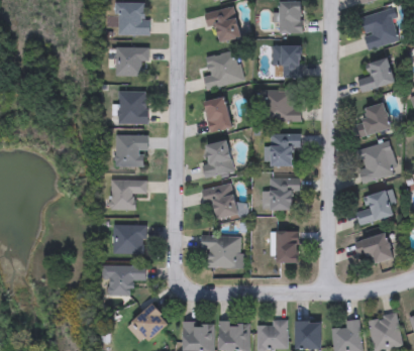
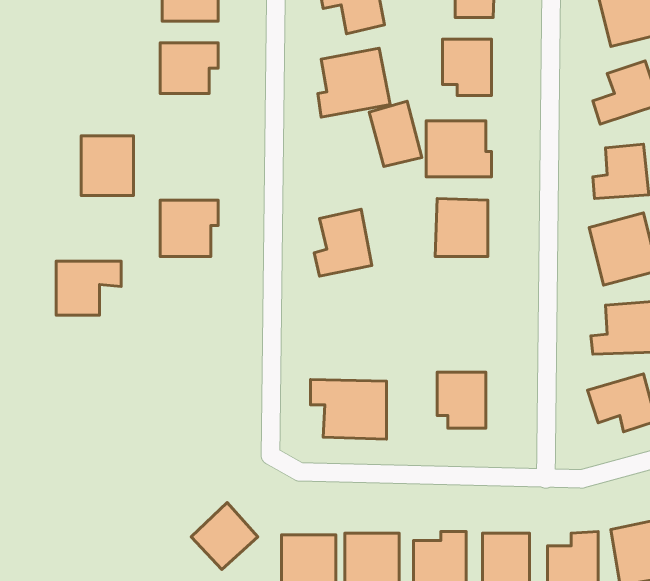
building: [118,91,147,124] -> [81,136,134,196]
building: [203,96,232,132] -> [369,101,422,166]
building: [262,179,300,210] -> none
building: [110,180,146,210] -> [56,261,121,315]
building: [201,184,244,219] -> none
building: [112,224,145,254] -> none
building: [103,265,144,296] -> none

